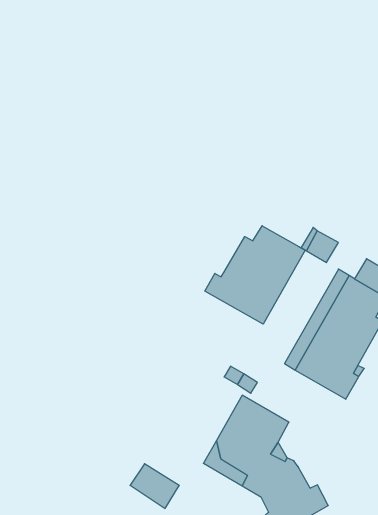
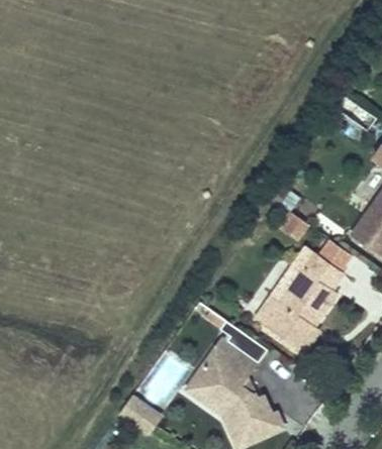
building: [205,226,305,324] -> none

